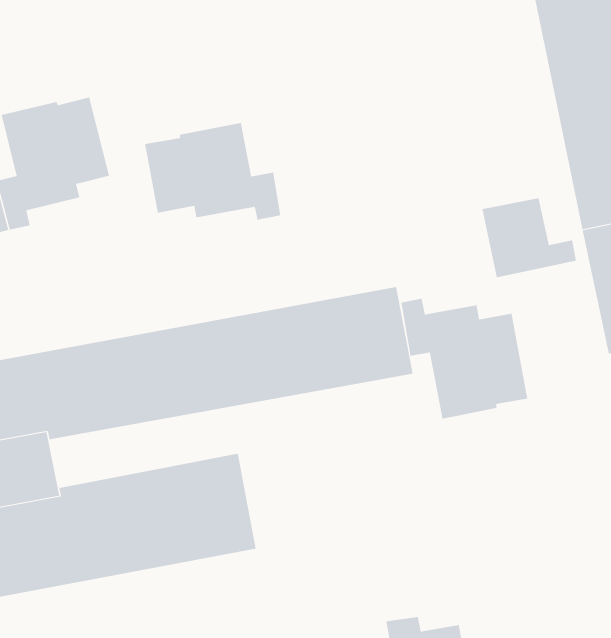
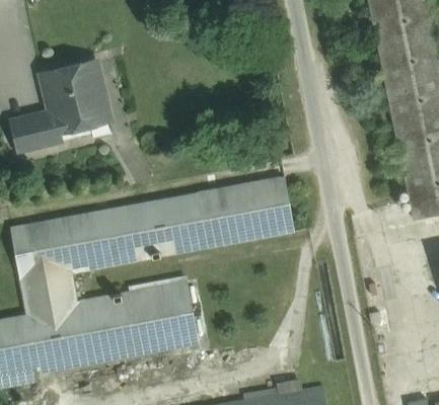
building: [145,122,281,220] -> none
building: [482,197,577,278] -> none
building: [401,298,528,419] -> none

